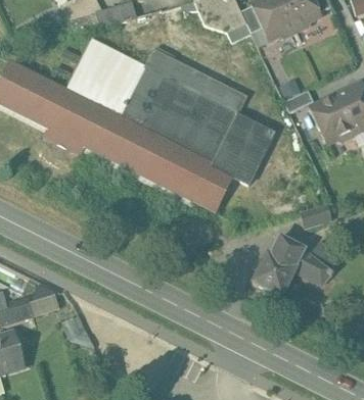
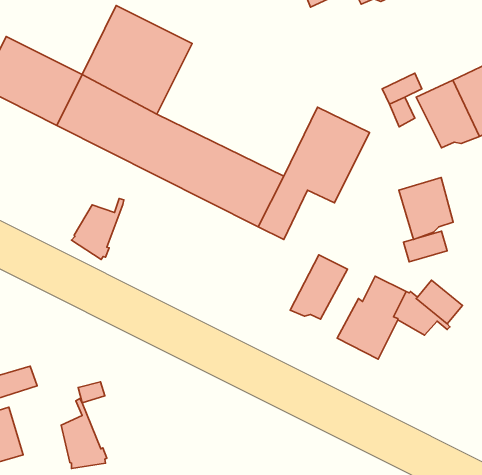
building: [121,53,245,164] -> none
building: none -> [399,177,453,239]
building: none -> [71,199,124,260]
building: none -> [290,255,347,319]
building: none -> [61,398,107,469]

